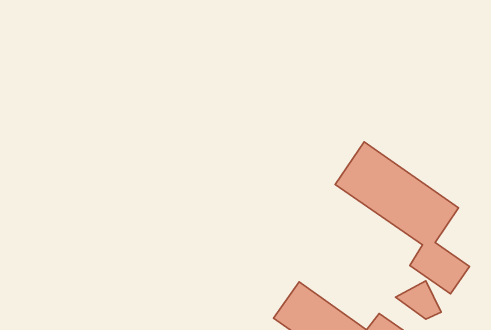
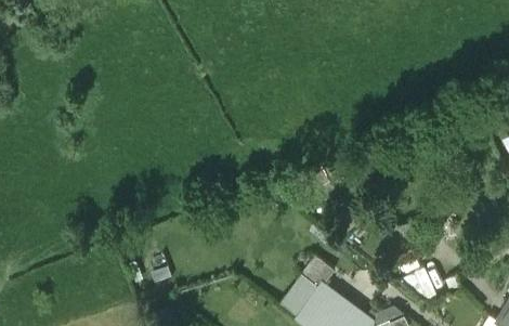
building: [335,142,469,294] -> none

